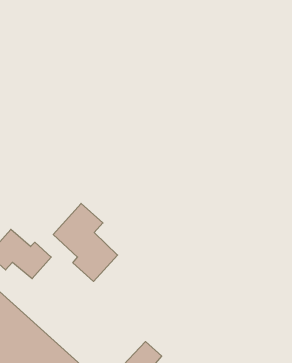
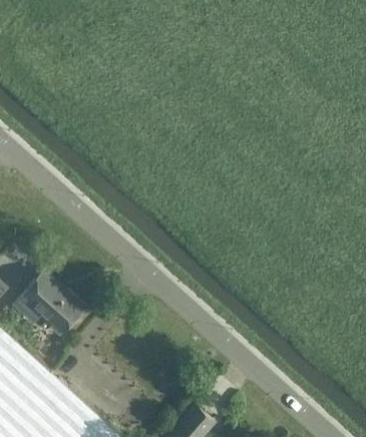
building: [53,203,118,281] -> none

